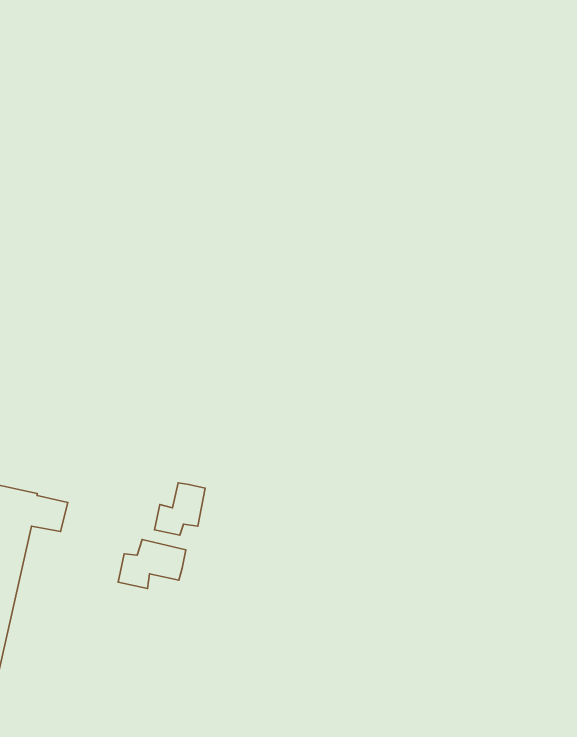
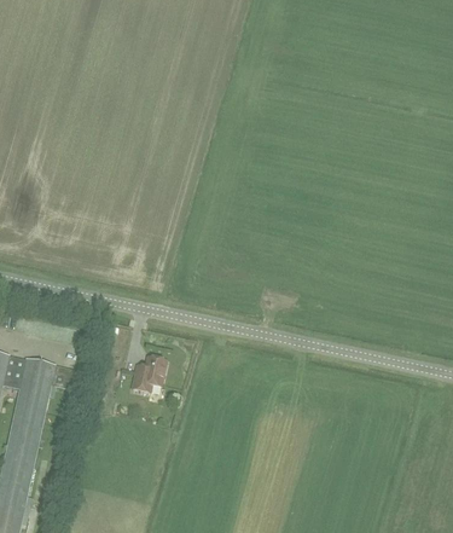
building: [118,539,186,589] -> none

